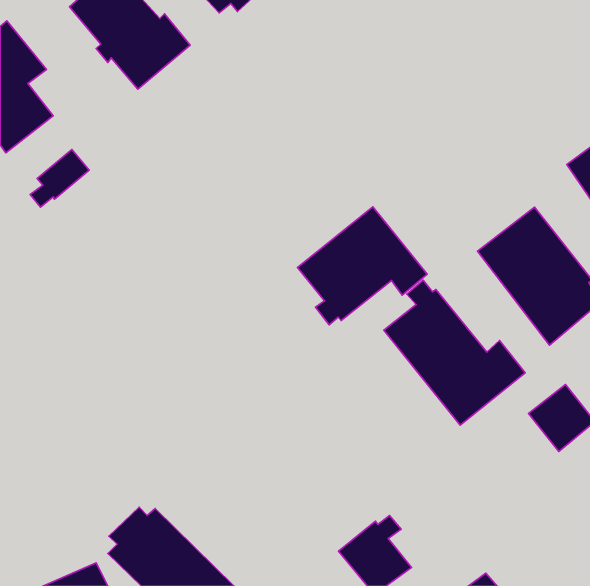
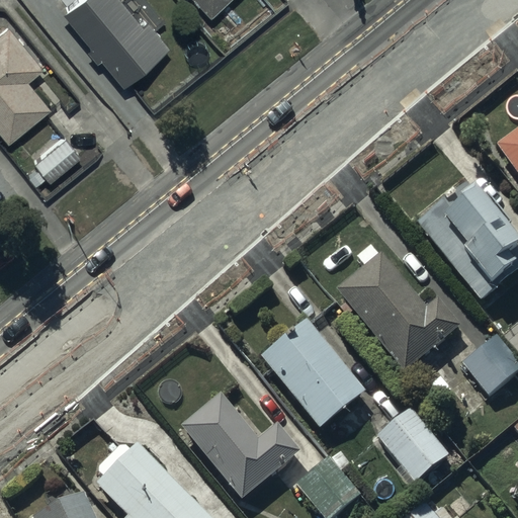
building: [297,207,427,325] -> none
building: none -> [262,319,366,429]
building: none -> [182,394,300,500]
building: none -> [377,408,449,482]

